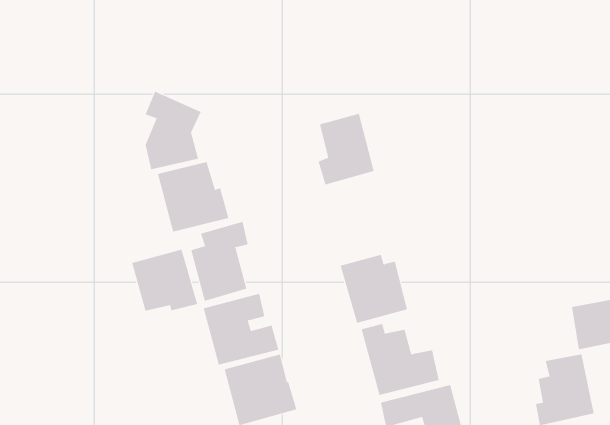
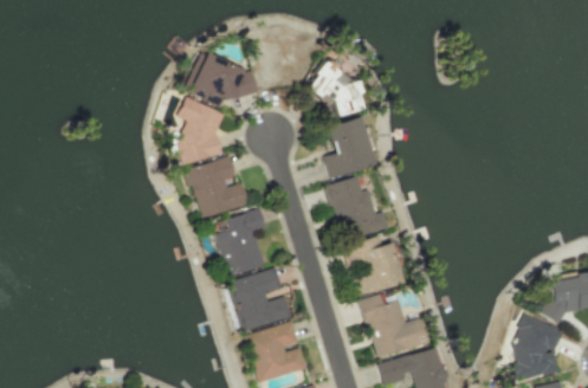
building: none -> [186,52,258,106]
building: none -> [308,64,364,118]
building: none -> [328,176,389,241]
building: [131,249,198,311] -> none

